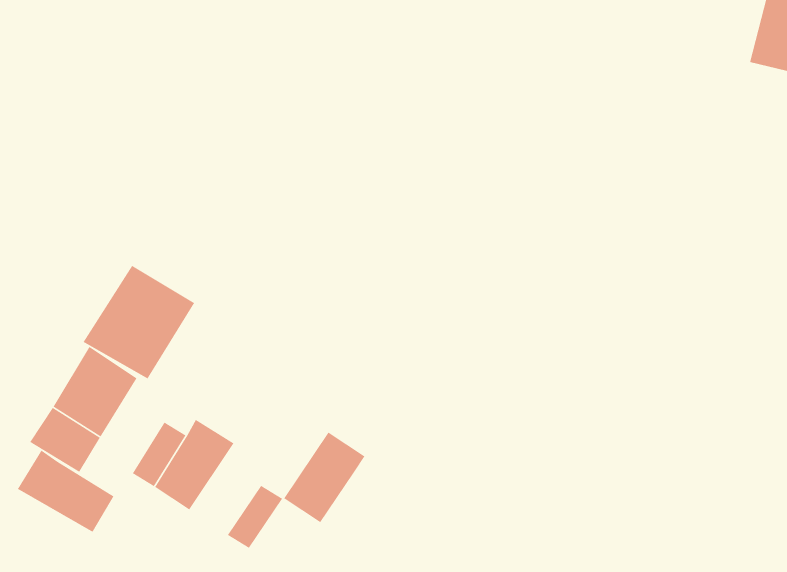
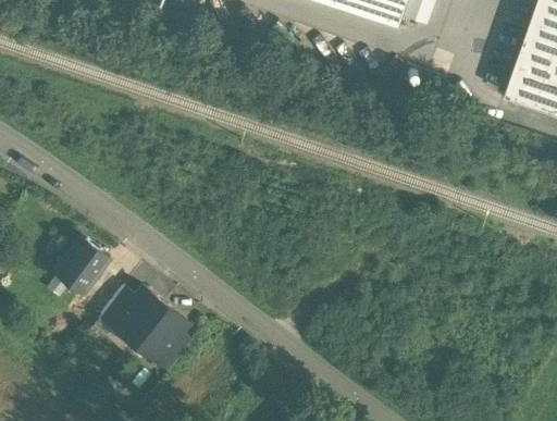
building: [83,265,195,379] -> none
building: [283,431,365,523] -> [134,301,187,358]
building: [17,450,114,533] -> none

